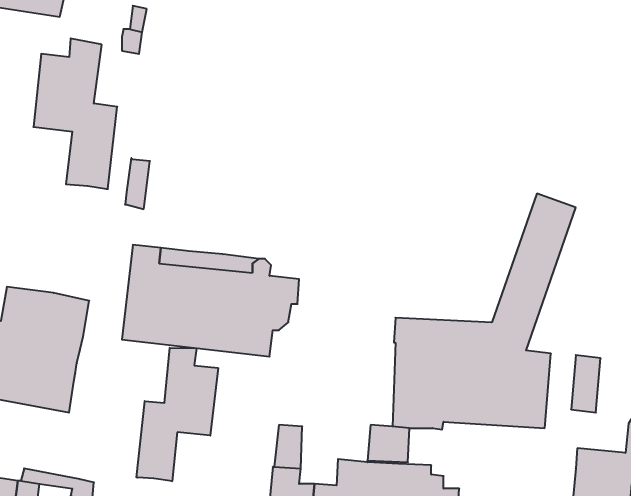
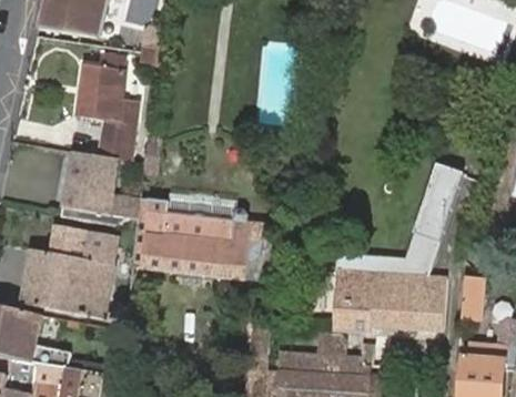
building: none -> [60,152,140,226]
building: [136,348,218,481] -> none

